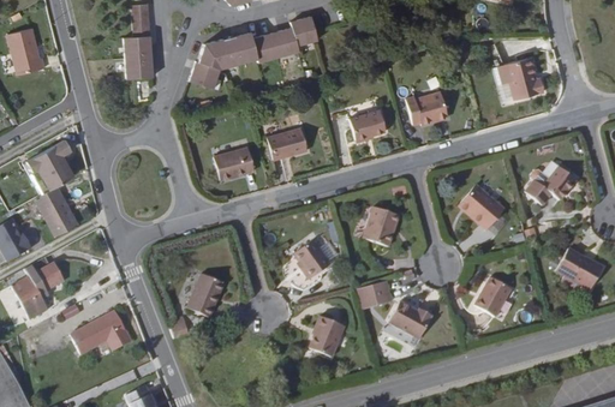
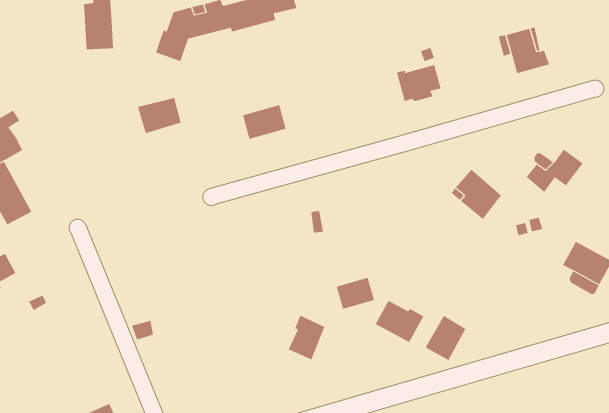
building: [350,110,386,140] -> none
building: [214,148,253,180] -> [137,98,181,134]
building: [363,208,398,247] -> none
building: [293,240,330,280] -> none
building: [187,274,221,317] -> none
building: [473,277,510,318] -> [425,315,466,361]
building: [68,311,130,355] -> none

